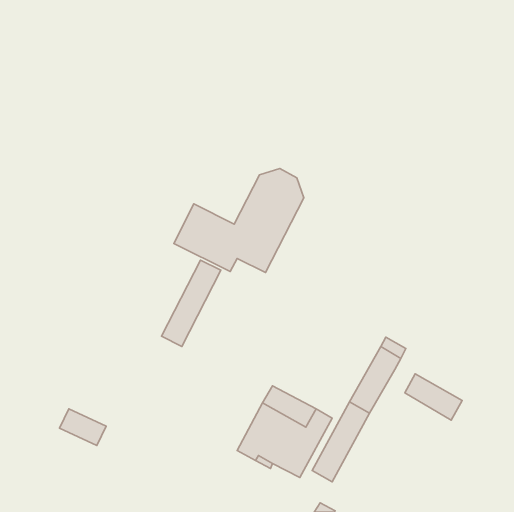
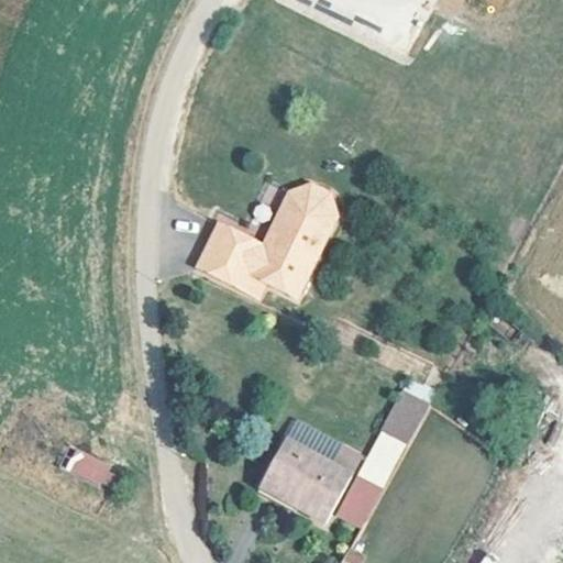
building: [162,260,221,346] -> none
building: [405,374,462,420] -> none

